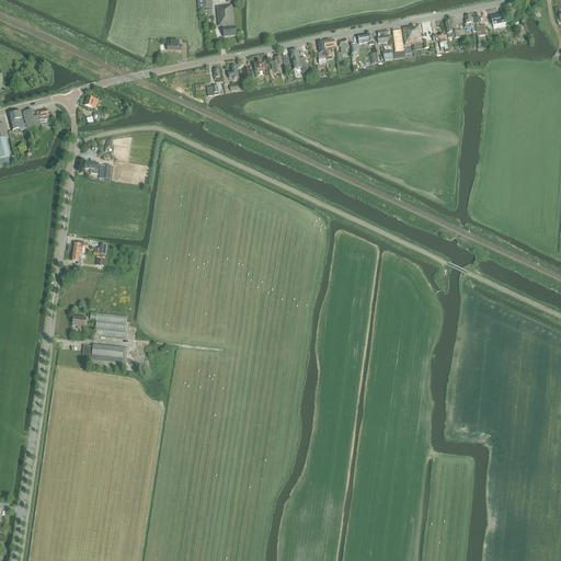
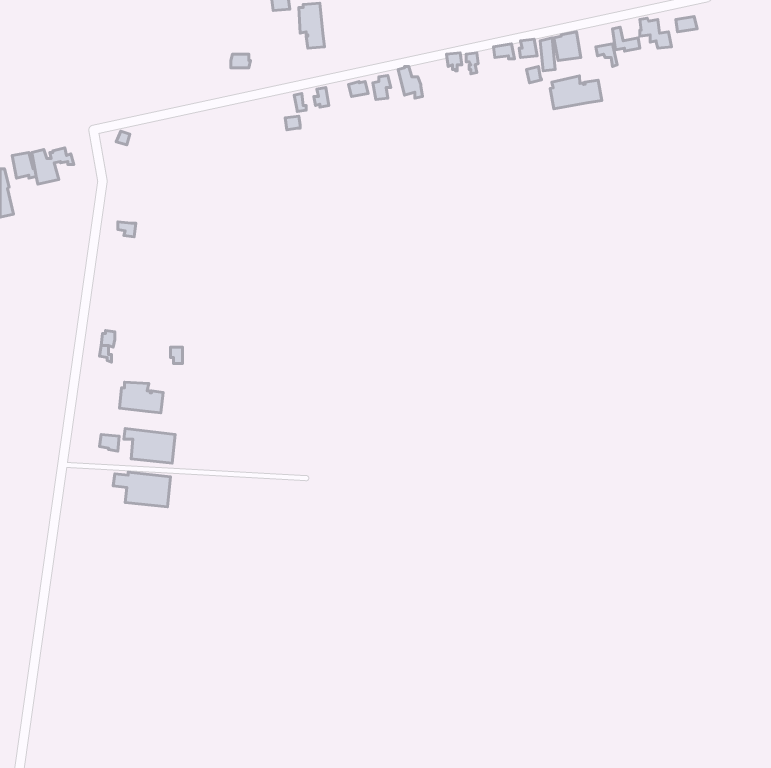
building: none -> [550,76,602,109]
building: none -> [119,382,163,413]

